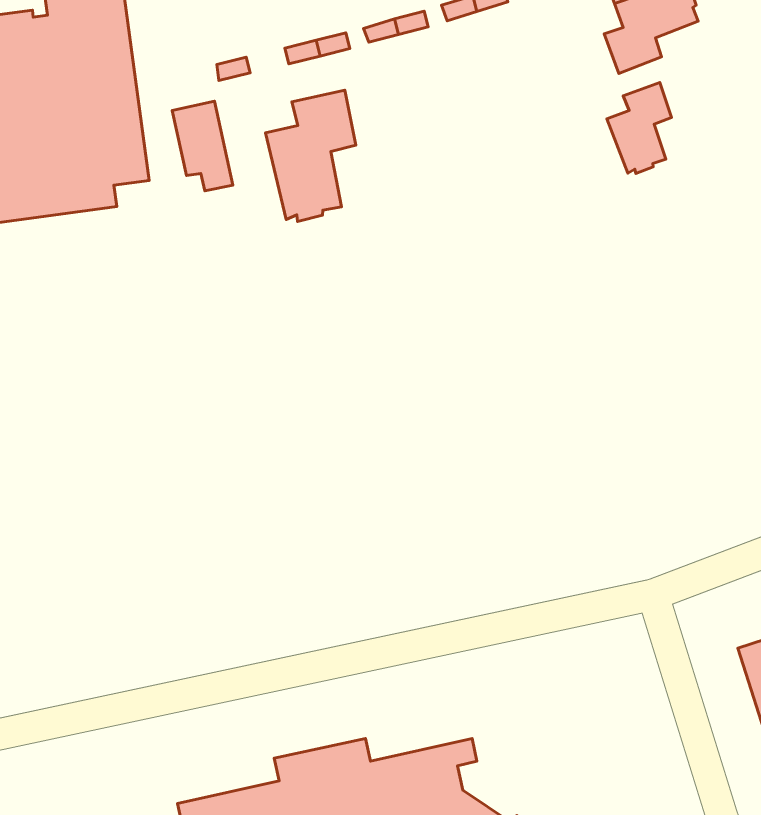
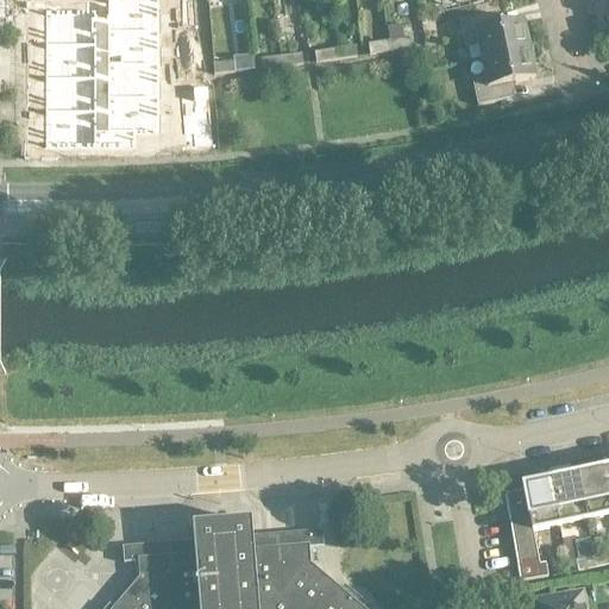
building: [607,82,671,174] -> none
building: [266,90,356,222] -> none

